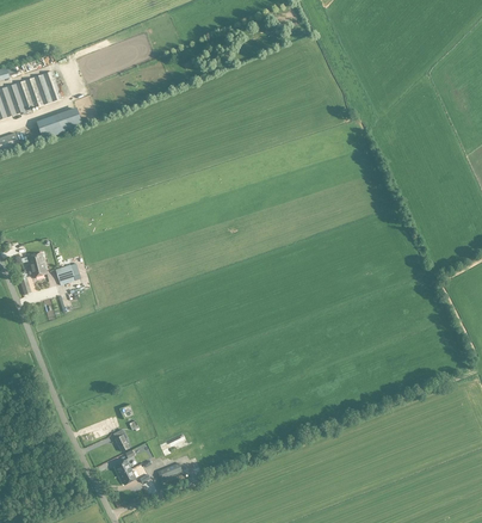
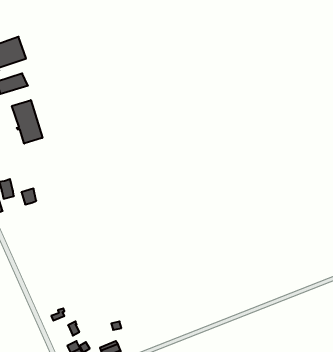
building: none -> [12,100,42,144]

